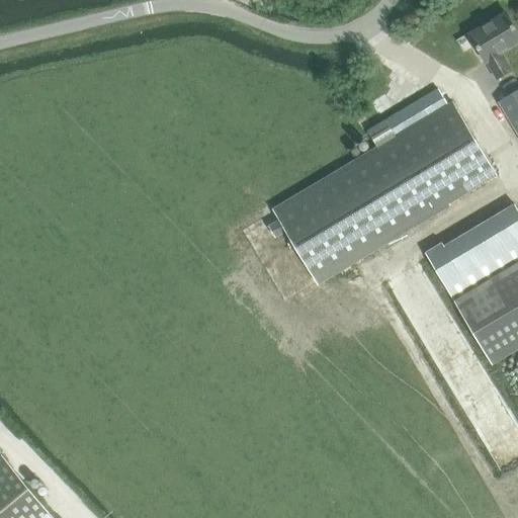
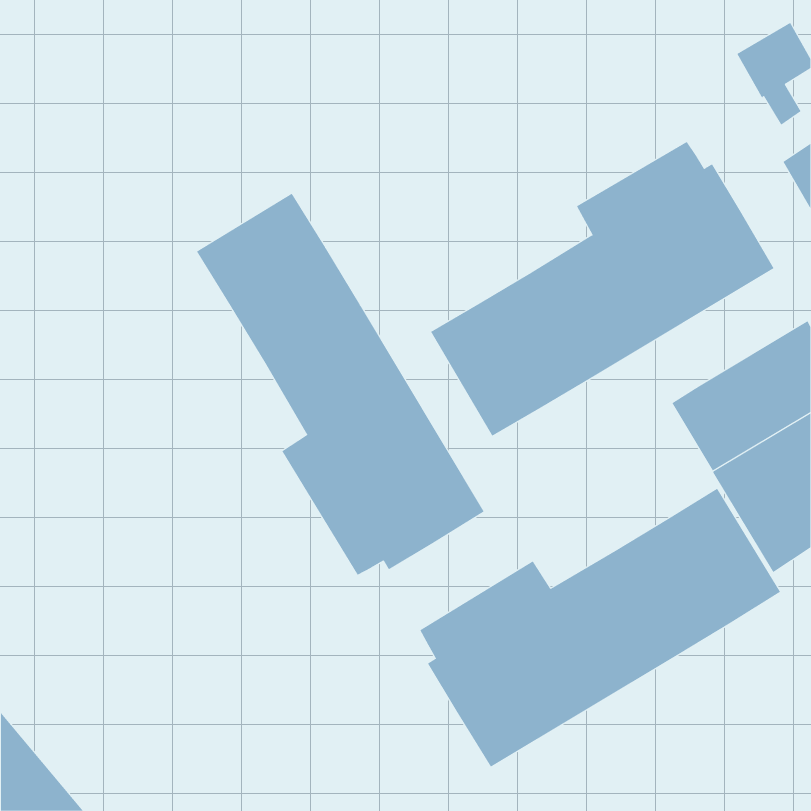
building: none -> [196,193,485,575]
building: none -> [420,488,781,768]

